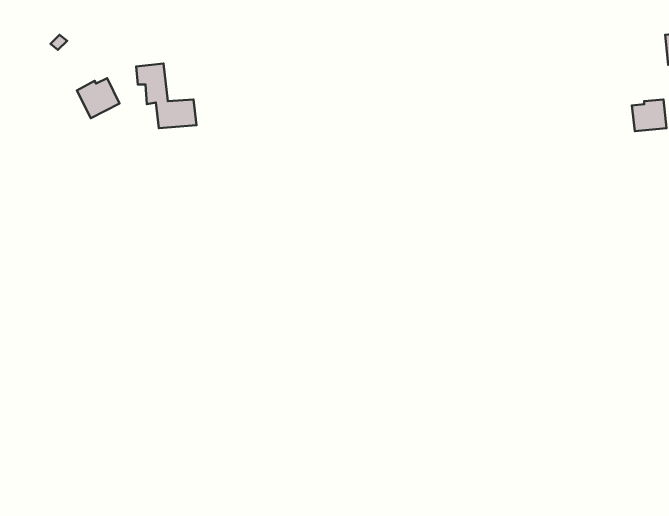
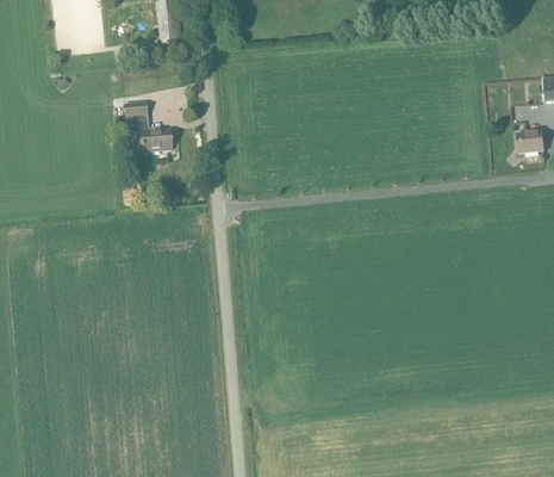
building: [77,78,120,118] -> none

